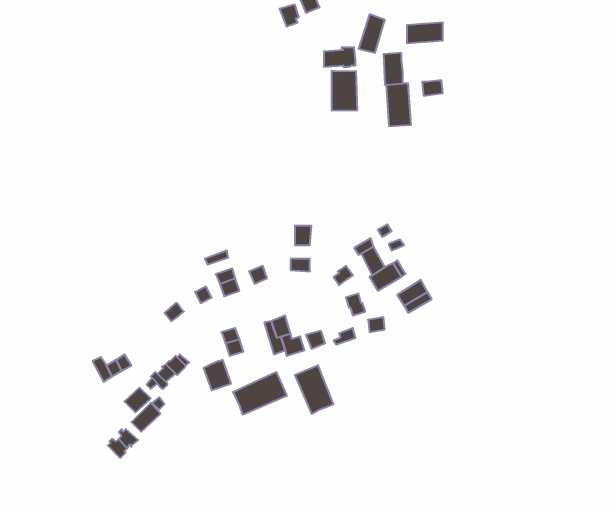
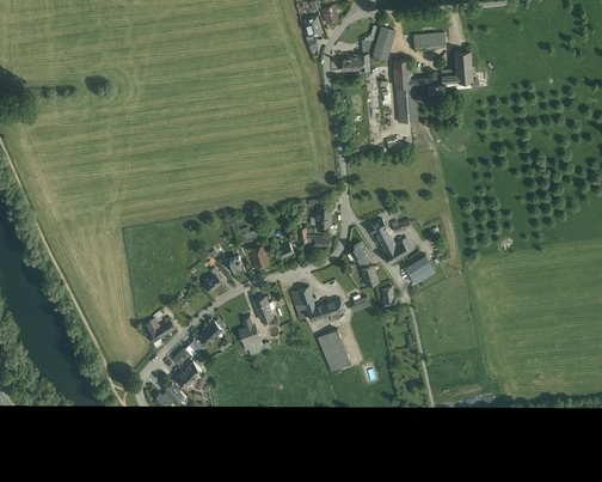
building: none -> [454,50,474,81]
building: [332,71,357,111] -> none
building: [233,372,287,415] -> none

